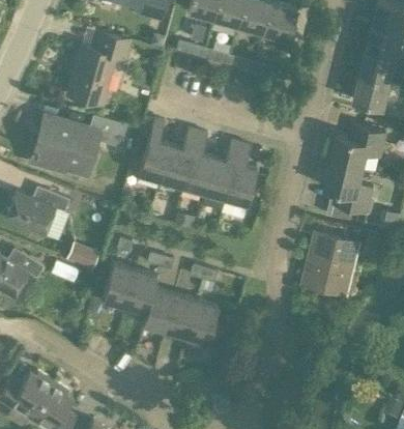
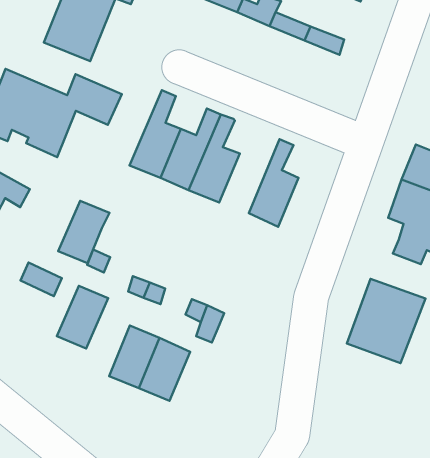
building: [205,141,242,199] -> none
building: [123,270,156,314] -> [58,201,110,263]
building: [186,302,219,344] -> none

